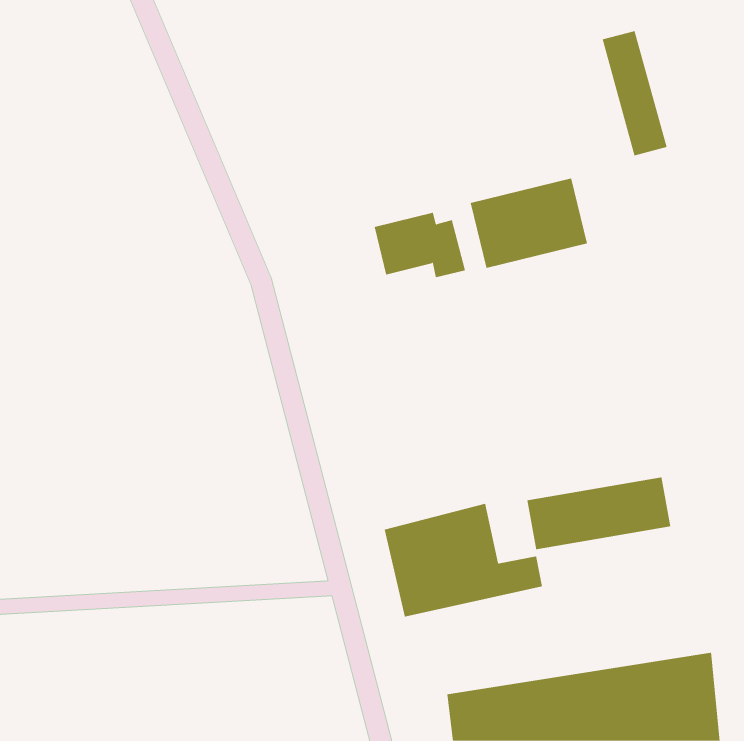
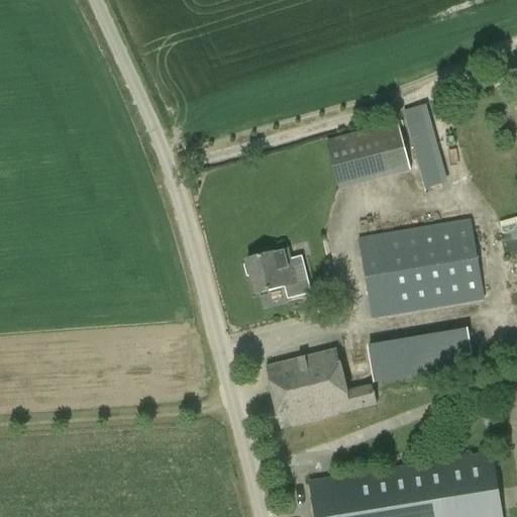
building: [602,31,667,156] -> [402,102,447,189]
building: [374,212,466,278] -> [247,250,311,296]
building: none -> [358,218,484,319]

